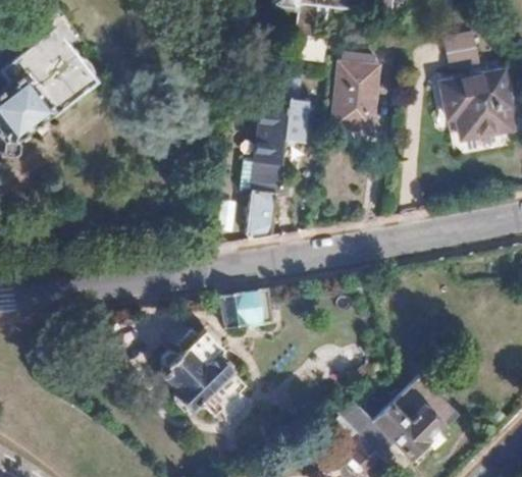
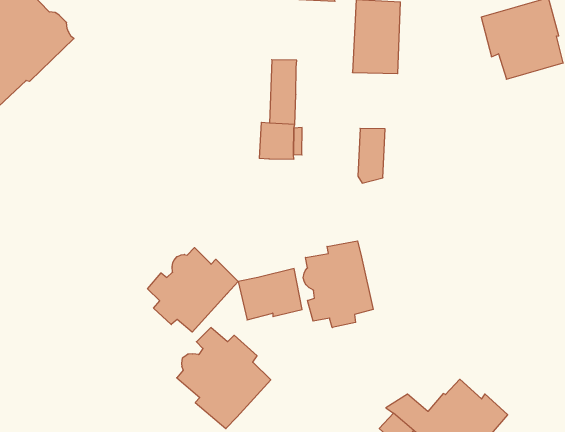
building: [282,96,307,140] -> none
building: [250,190,276,236] -> [358,128,385,183]
building: none -> [148,248,238,332]
building: none -> [303,241,373,328]

